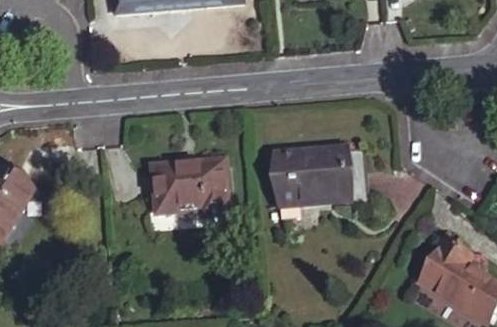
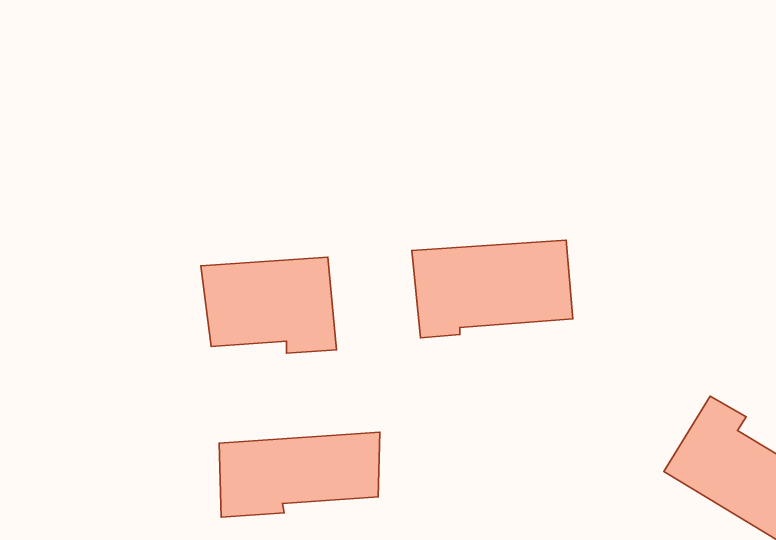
building: none -> [219,432,380,517]

